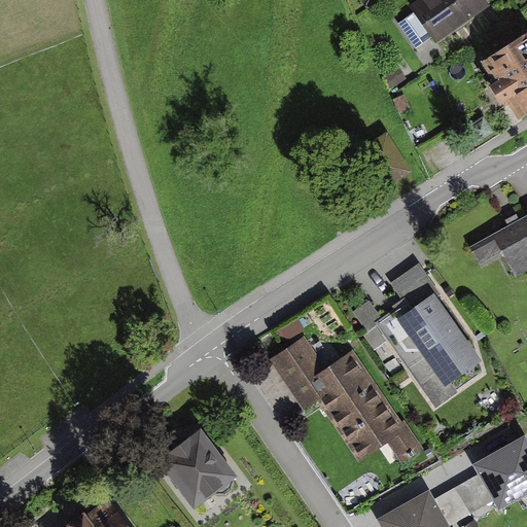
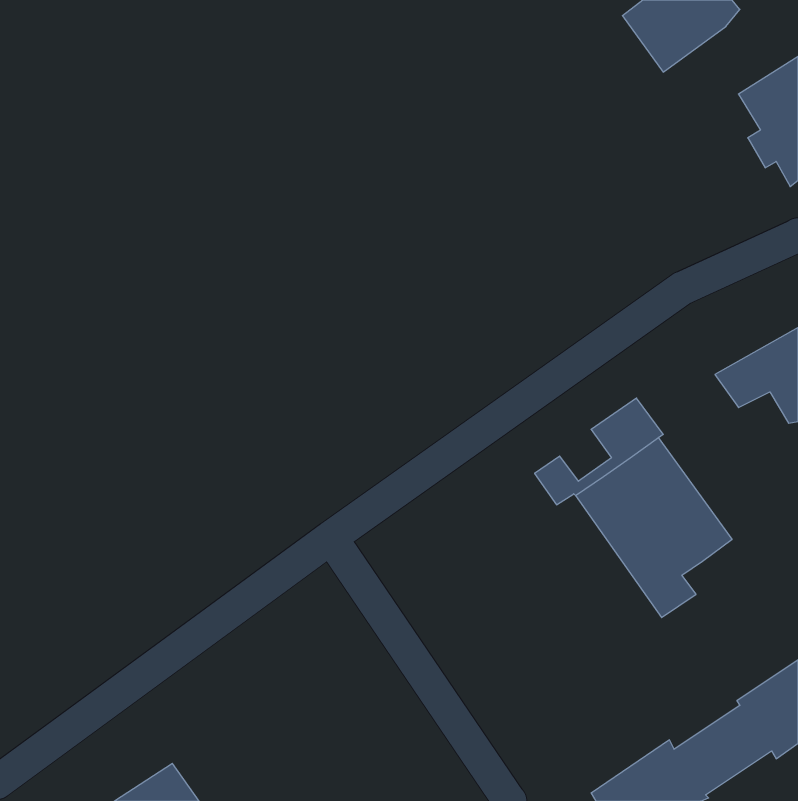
building: [273,338,418,461] -> none
building: [164,434,234,506] -> none

